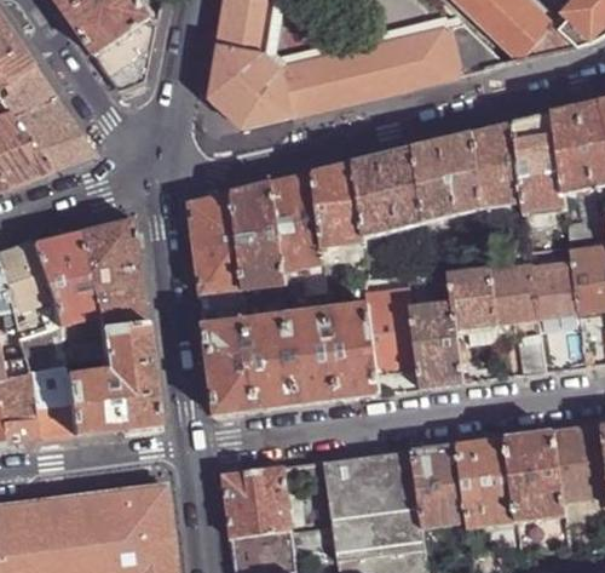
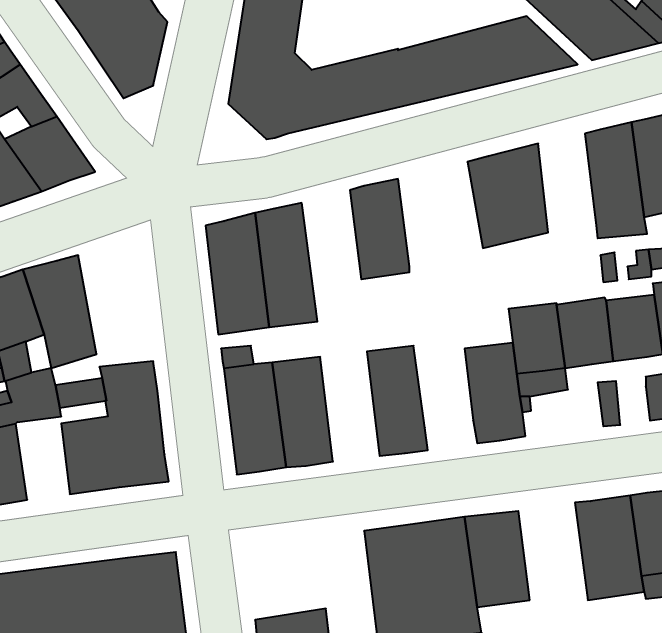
building: [473,122,523,207] -> none
building: [353,147,426,236] -> none
building: [271,171,323,273] -> none
building: [80,214,144,322] -> none
building: [365,287,417,374] -> none
building: [287,309,338,403] -> none
building: [27,365,73,436] -> none
building: [456,439,517,543] -> none
building: [223,469,292,539] -> none

